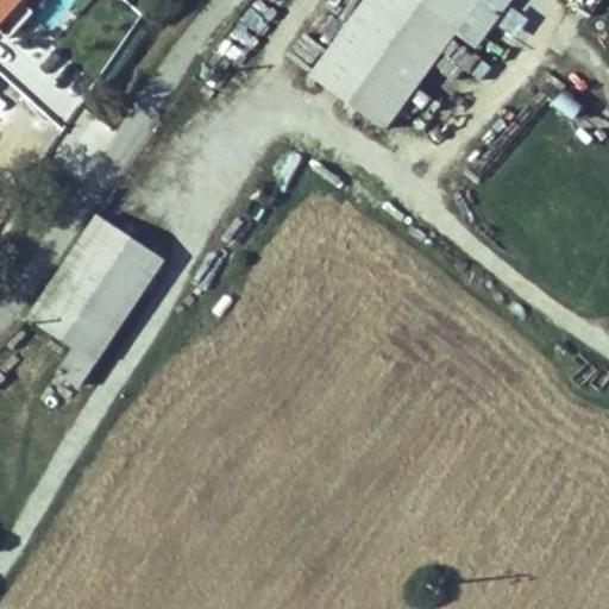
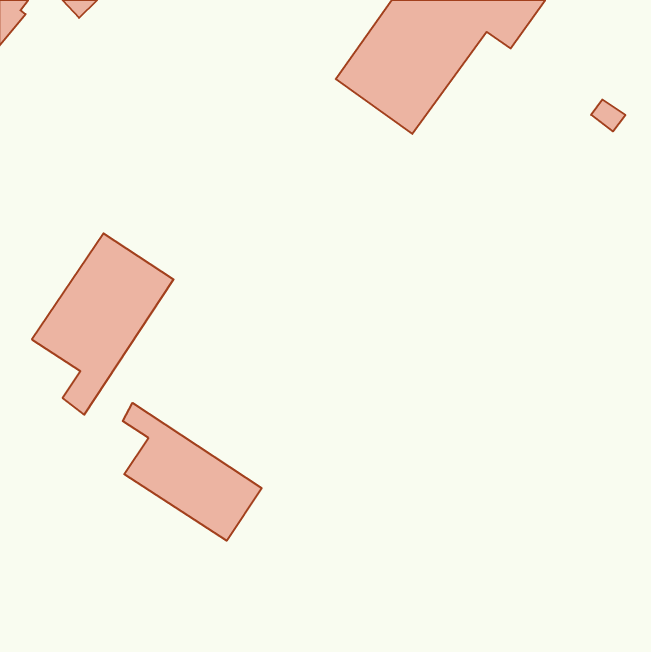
building: none -> [123,403,262,541]

